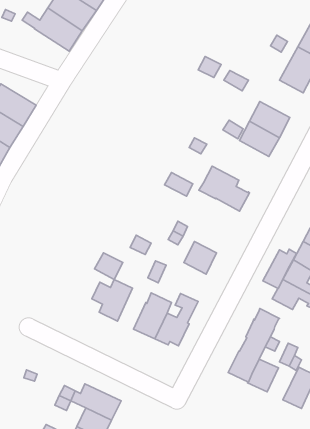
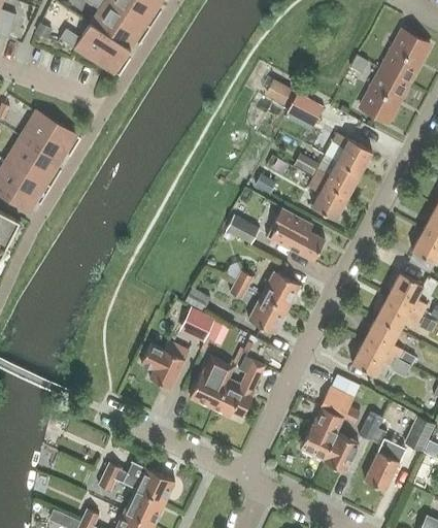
building: none -> [308,178,347,220]
building: none -> [261,271,300,309]
building: [263,249,297,288] -> none
building: [95,253,123,279] -> [181,309,214,340]

